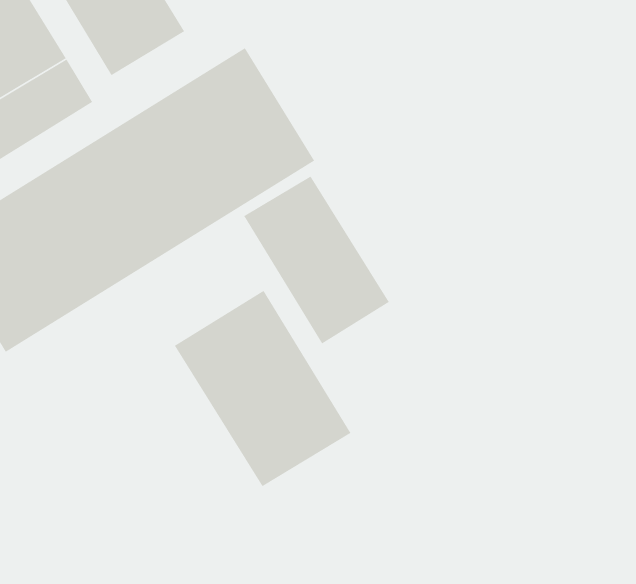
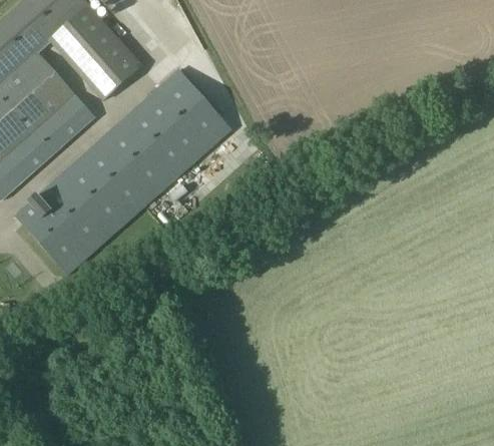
building: [243,175,390,344] -> none
building: [174,290,352,487] -> none

